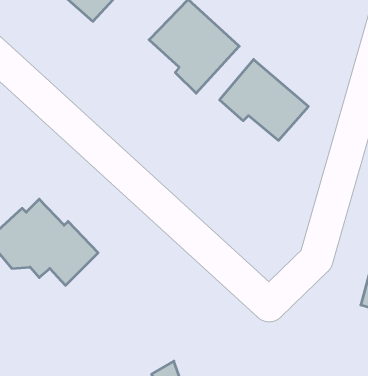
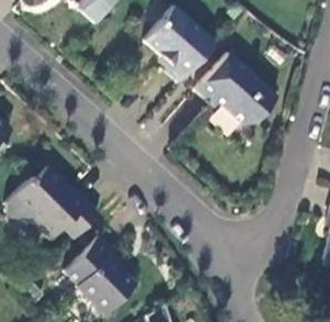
building: none -> [68,235,136,317]

